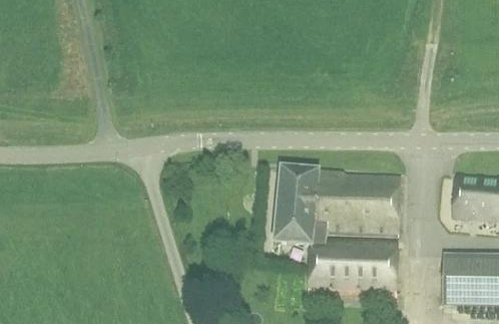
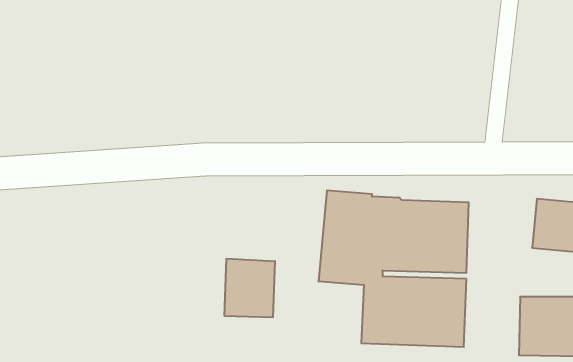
building: none -> [225,259,275,317]

